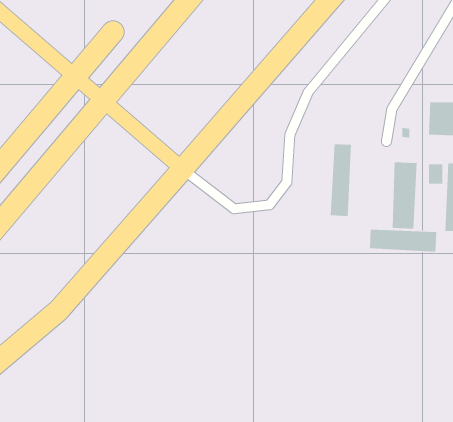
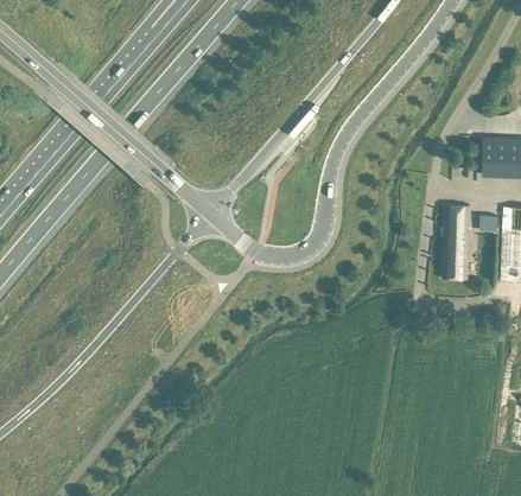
building: [330,143,351,217] -> none
building: [369,229,437,253] -> none

